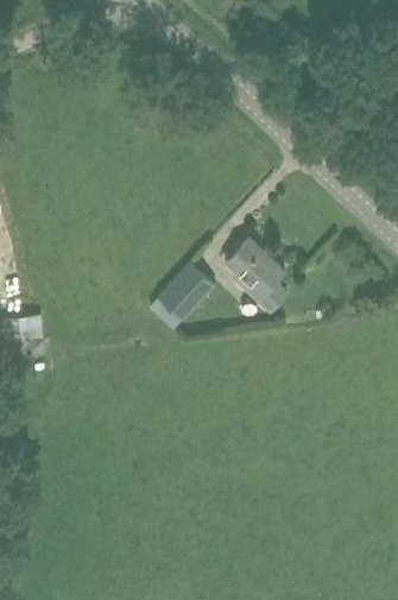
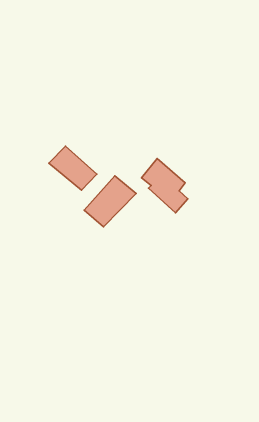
building: none -> [49,146,97,190]

